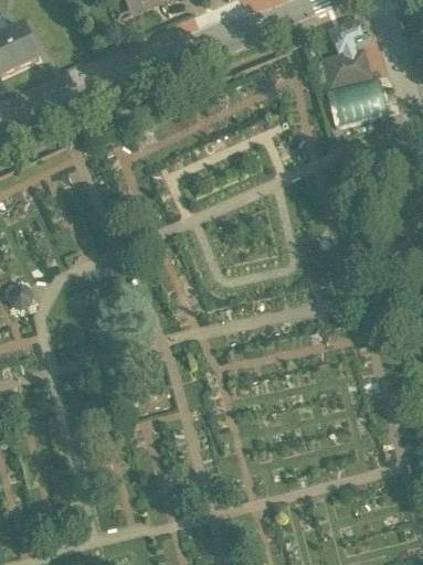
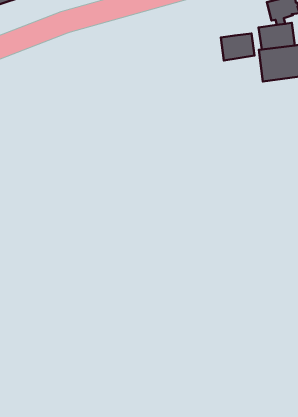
building: none -> [221,34,254,60]

